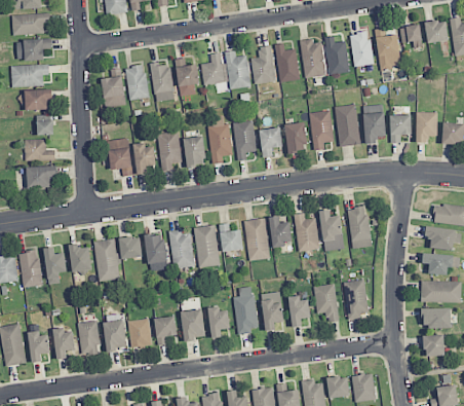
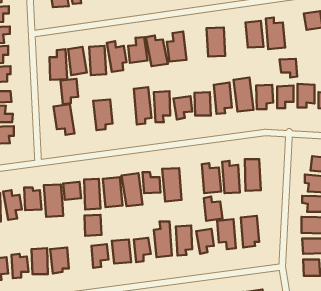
building: [399,25,422,48] -> [280,59,297,77]
building: [324,36,349,75] -> none
building: [274,43,300,82] -> none
building: [184,136,205,167] -> none
building: [133,143,156,175] -> [60,79,78,104]
building: [269,216,293,247] -> [204,197,223,221]
building: [129,320,151,346] -> [84,215,101,236]

